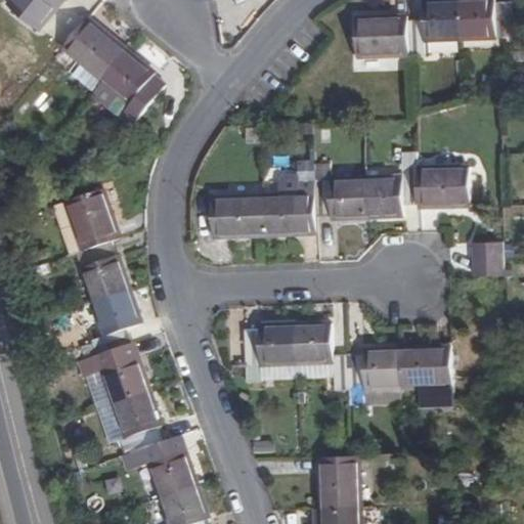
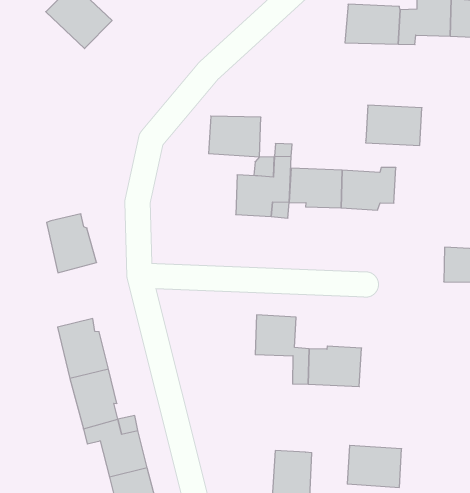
building: [89,52,161,127] -> none
building: [413,170,468,209] -> [366,105,422,145]
building: [64,190,116,253] -> none
building: [210,192,261,232] -> [209,116,261,157]
building: [92,290,140,356] -> none
building: [241,328,292,367] -> none
building: [395,350,447,389] -> [347,445,402,487]

